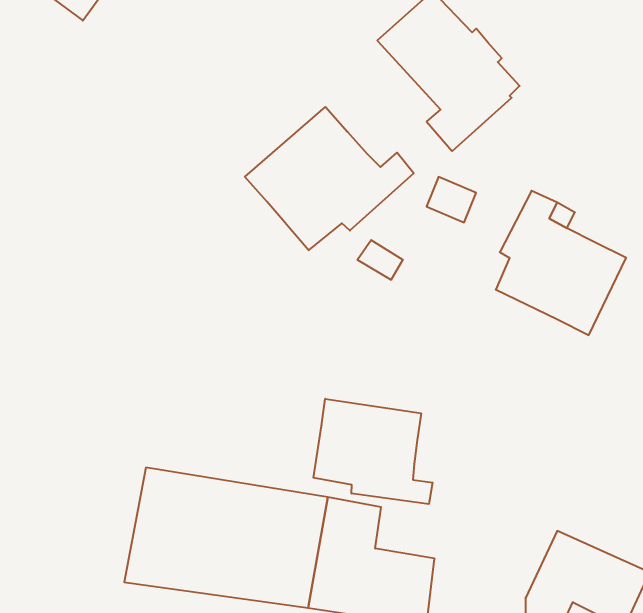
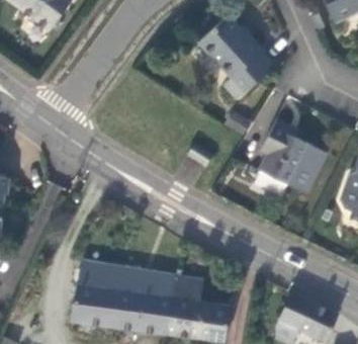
building: [245,107,414,250] -> none
building: [313,399,433,504] -> none

